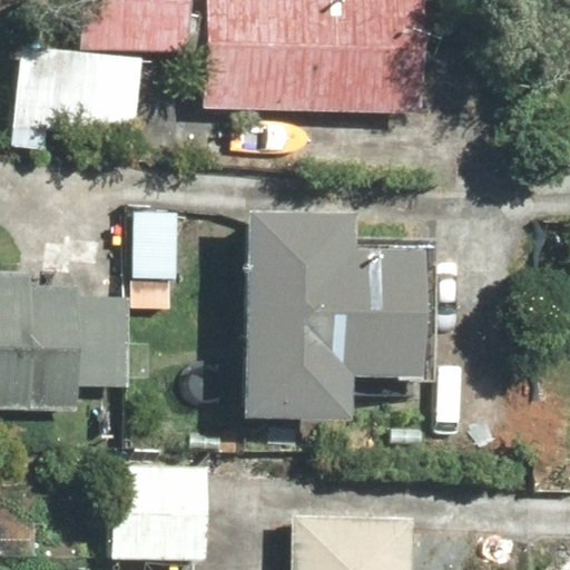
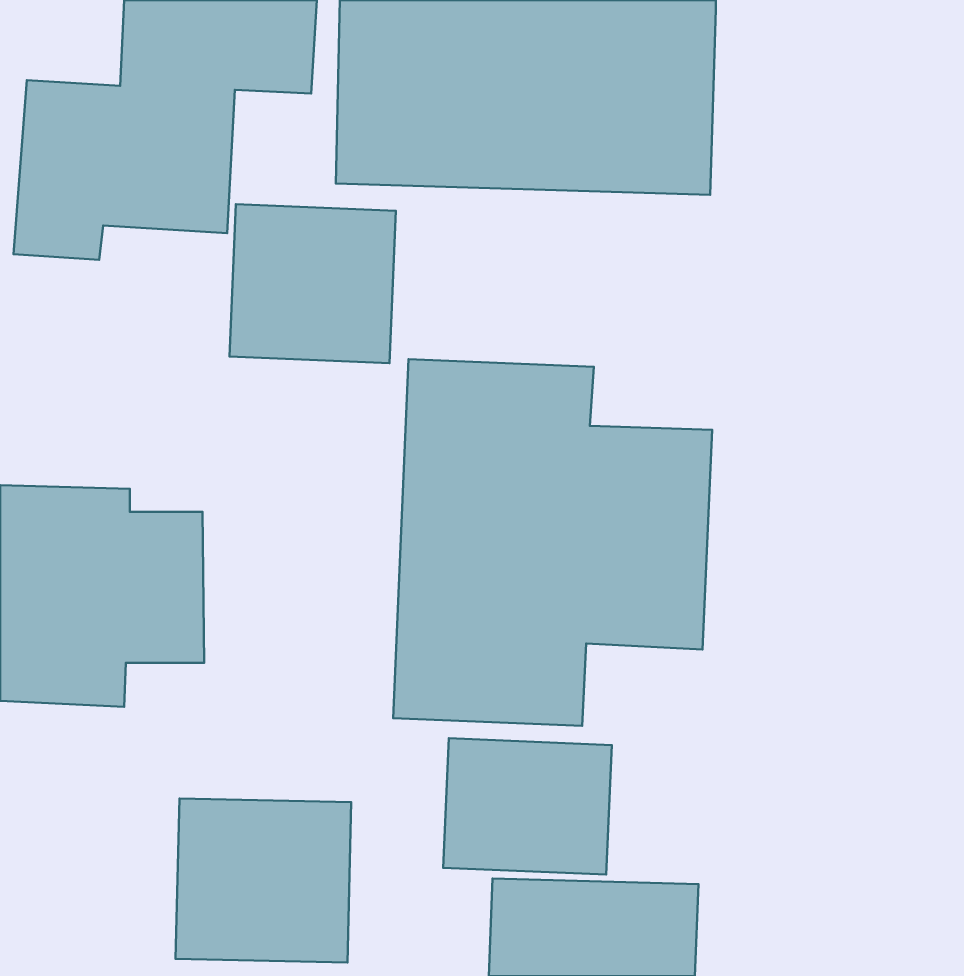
building: none -> [229,204,396,363]
building: none -> [443,738,612,875]

